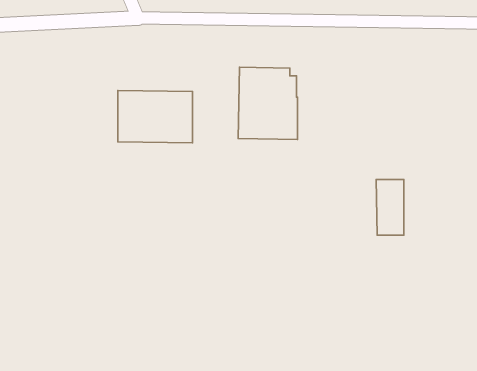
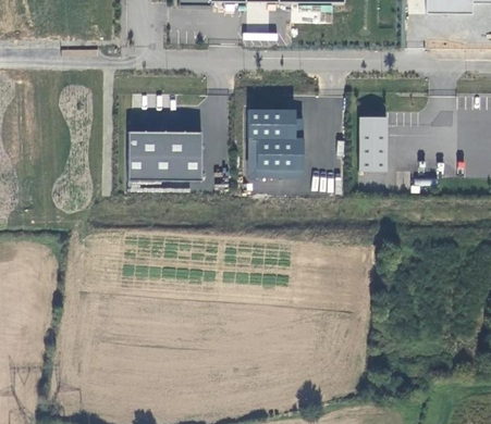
building: [376,179,404,235] -> [359,116,386,171]

